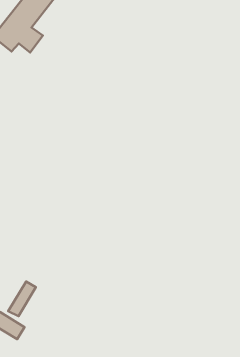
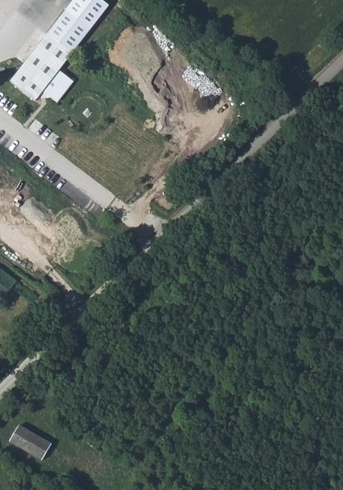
building: [8,281,36,316] -> none

